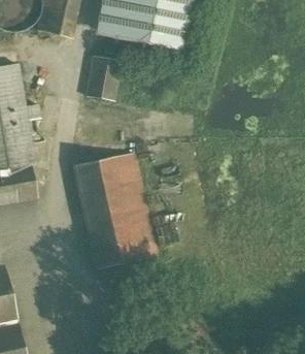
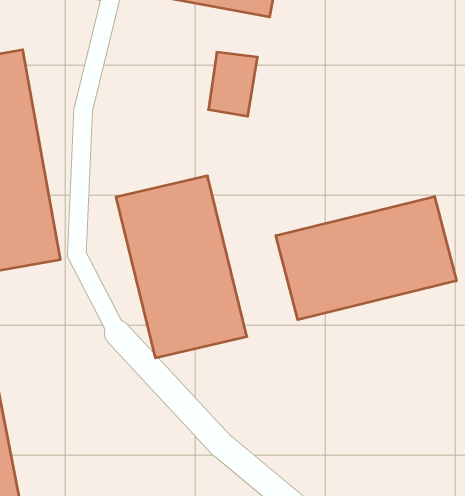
building: [92,53,123,93] -> [208,52,258,116]
building: none -> [276,196,456,320]

